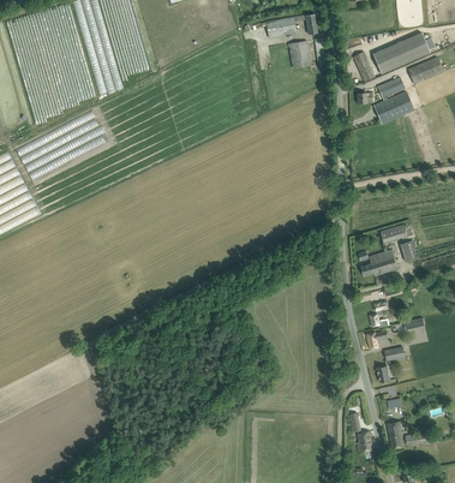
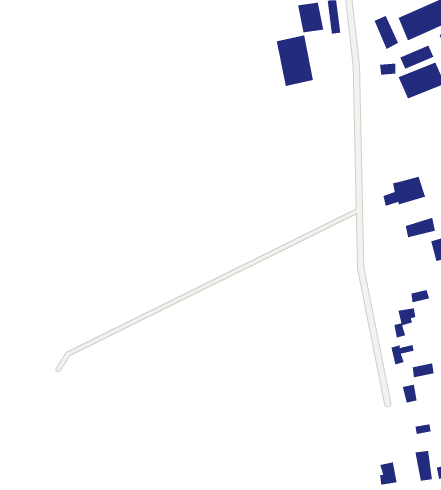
building: none -> [276,35,314,87]
building: [361,250,399,276] -> [382,176,426,207]

